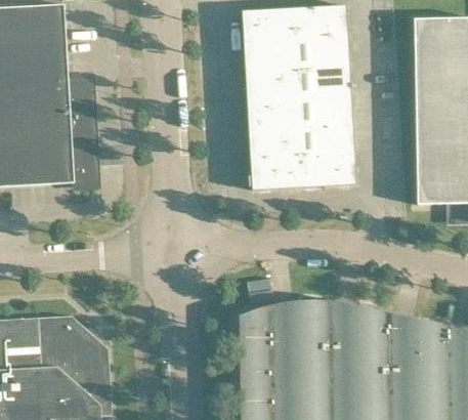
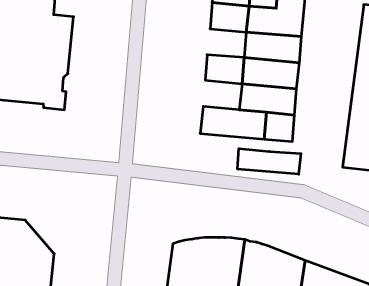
building: [246,69,289,100] -> none
building: [249,127,292,159] -> none
building: none -> [238,149,301,174]

